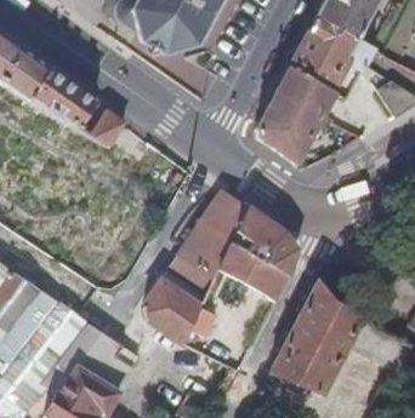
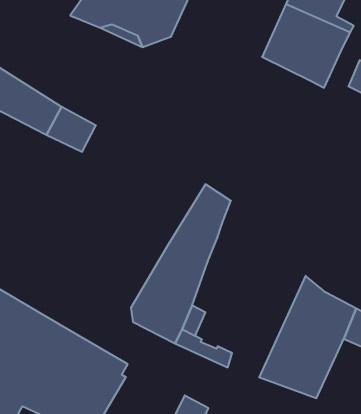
building: [252,70,331,166] -> none
building: [223,205,299,297] -> none

